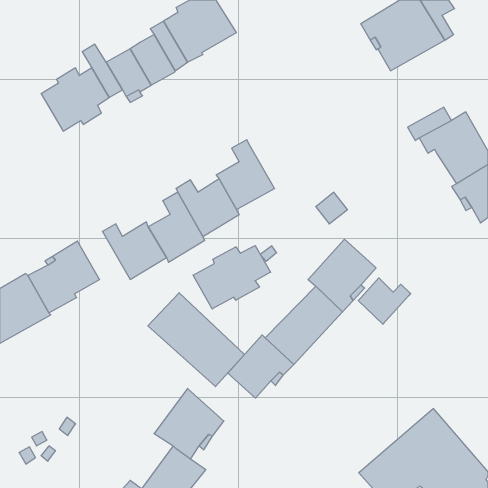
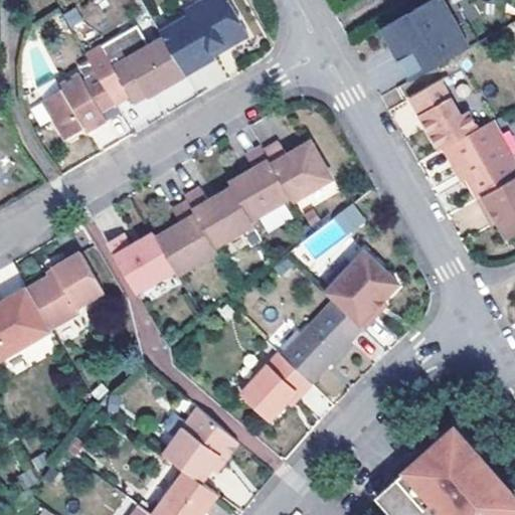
building: none -> [100,25,148,66]
building: none -> [407,79,467,135]
building: none -> [263,144,331,203]
building: [193,246,271,309] -> none
building: [358,278,411,324] -> none
building: [148,293,244,387] -> none

